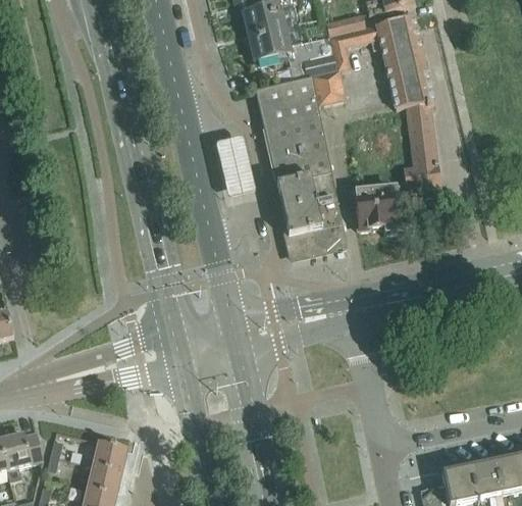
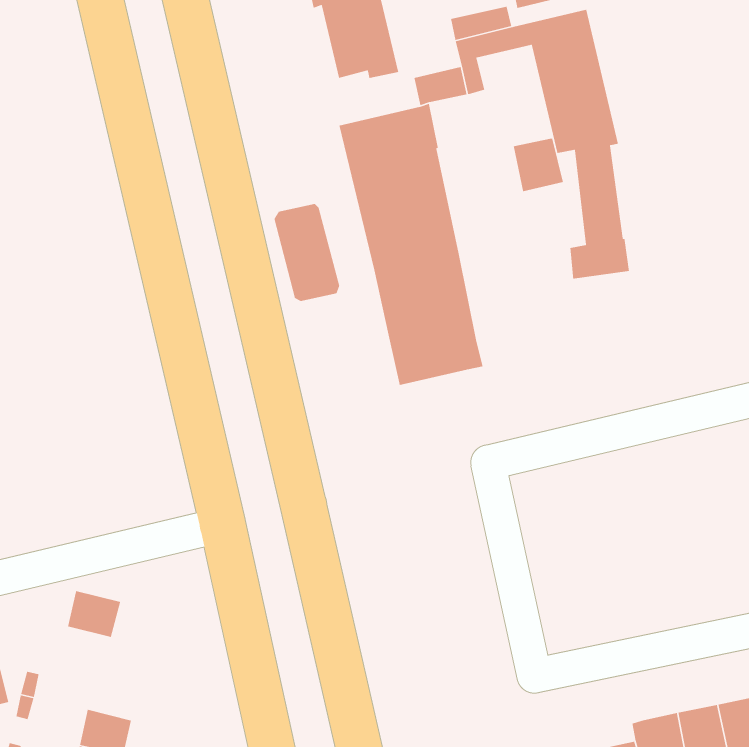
building: [312,68,345,103] -> [513,138,564,192]
building: [353,185,402,232] -> none
building: [93,439,127,469] -> [67,590,121,638]

